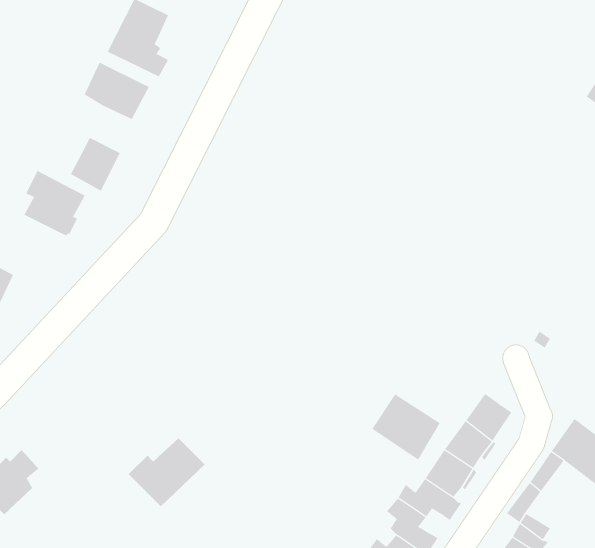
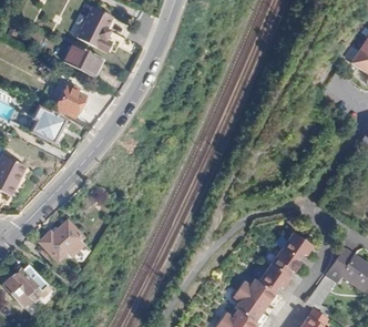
building: [371,394,441,460] -> none
building: [128,437,205,507] -> [39,221,83,260]

